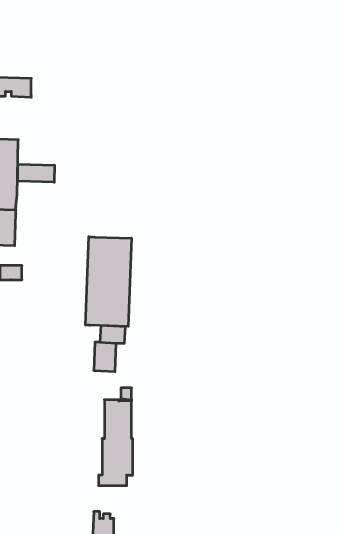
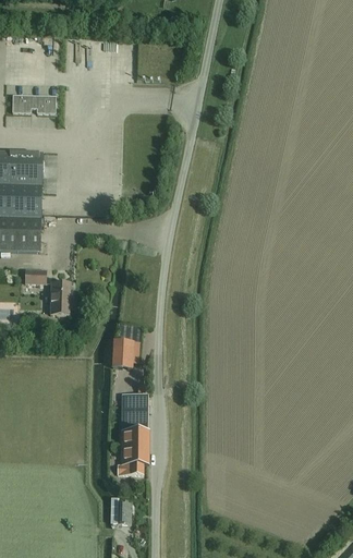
building: [18,164,54,182] -> none
building: [86,237,131,326] -> none
building: none -> [50,283,75,316]

